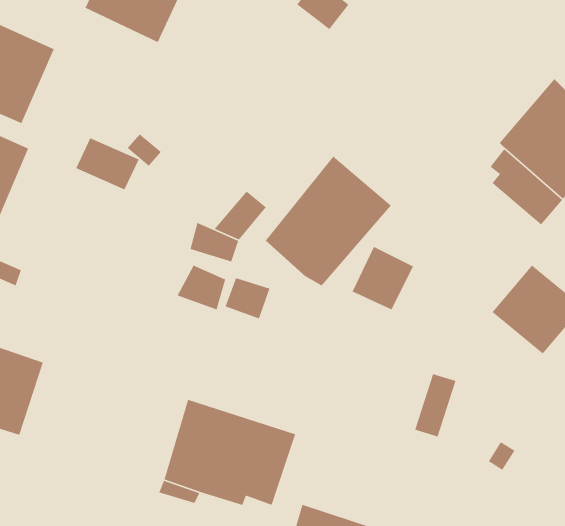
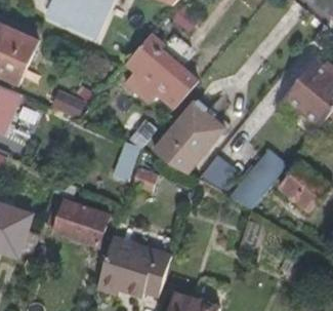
building: none -> [125,33,194,109]
building: none -> [227,148,287,209]
building: none -> [43,199,107,245]

